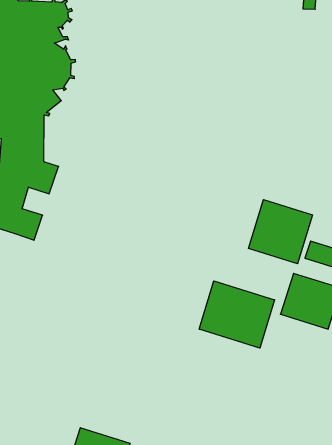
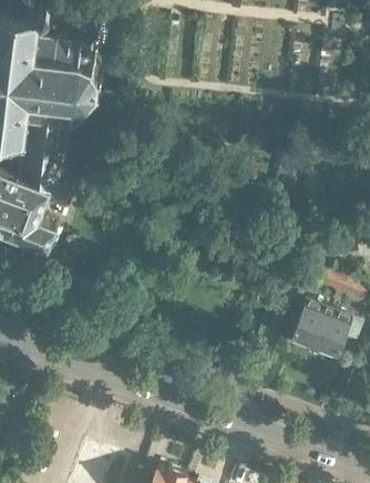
building: [249,200,313,264] -> none
building: [199,281,275,348] -> none

